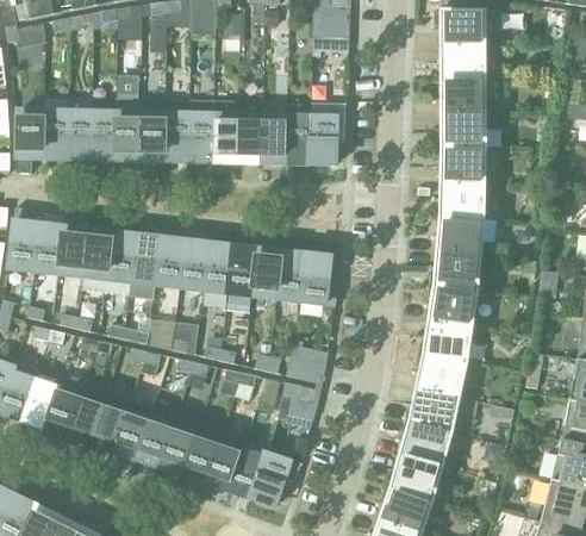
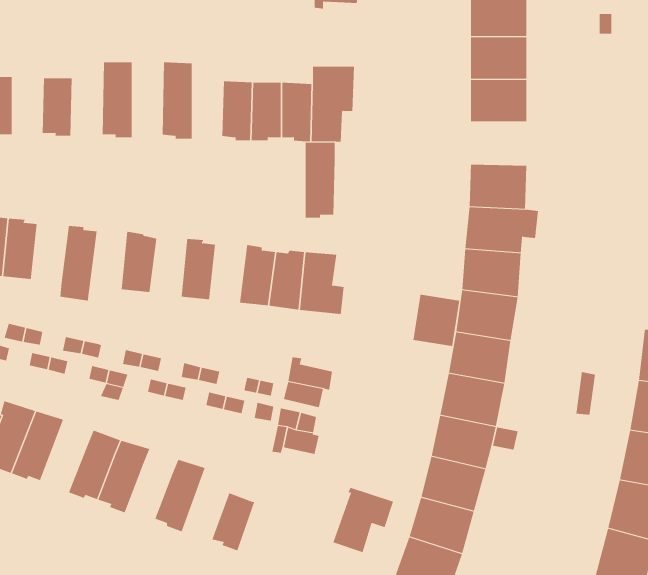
building: [116,94,141,161] -> none
building: [164,99,189,161] -> none
building: [213,100,238,162] -> [305,142,336,218]
building: [67,111,92,160] -> none
building: [440,148,486,183] -> none
building: [81,230,112,291] -> none
building: [129,236,160,297] -> none
building: [179,242,208,291] -> none
building: [227,247,257,295] -> none
building: none -> [413,294,460,347]
building: [89,391,132,450] -> none
building: [158,415,201,472] -> none
building: [205,430,245,488] -> none
building: [250,453,300,506] -> [333,487,394,553]

